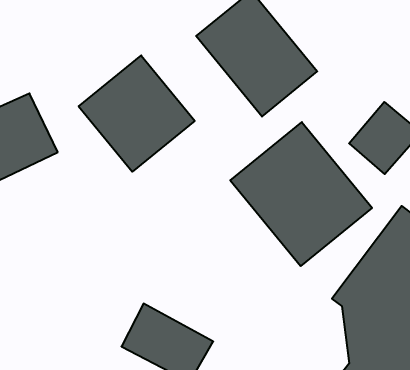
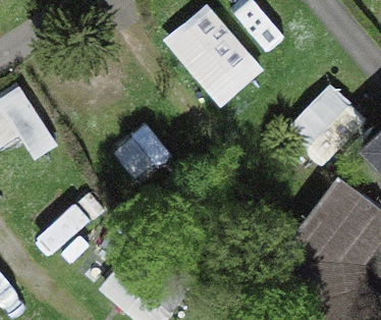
building: [79,55,195,172] -> none
building: [230,122,372,266] -> none

